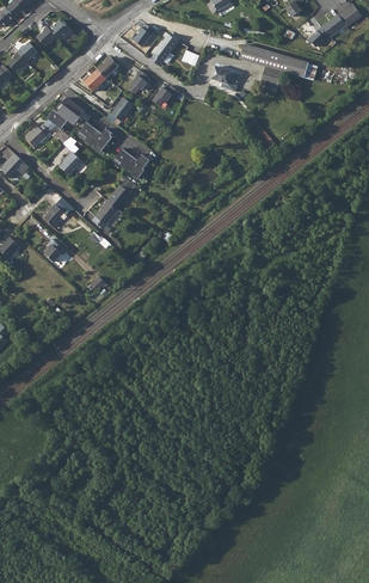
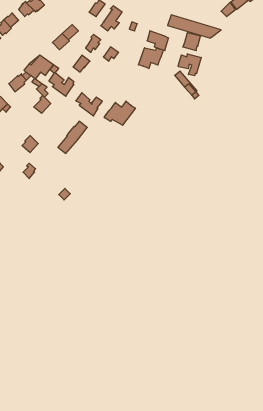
building: none -> [138,48,163,69]
building: none -> [178,54,201,76]
building: none -> [104,101,135,125]

